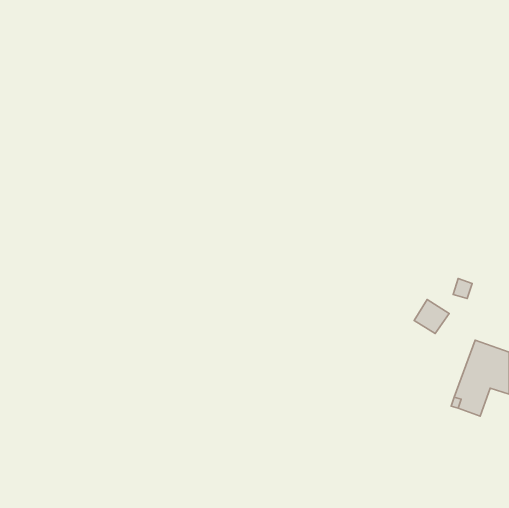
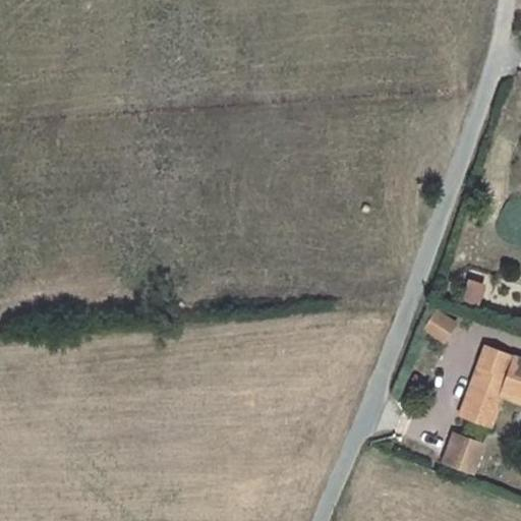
building: none -> [443,433,482,470]

